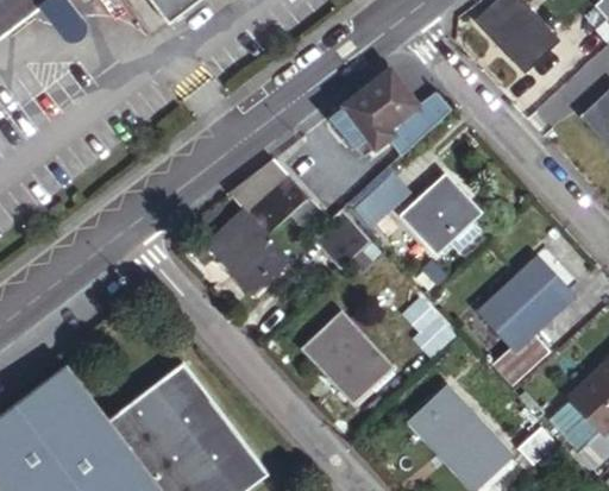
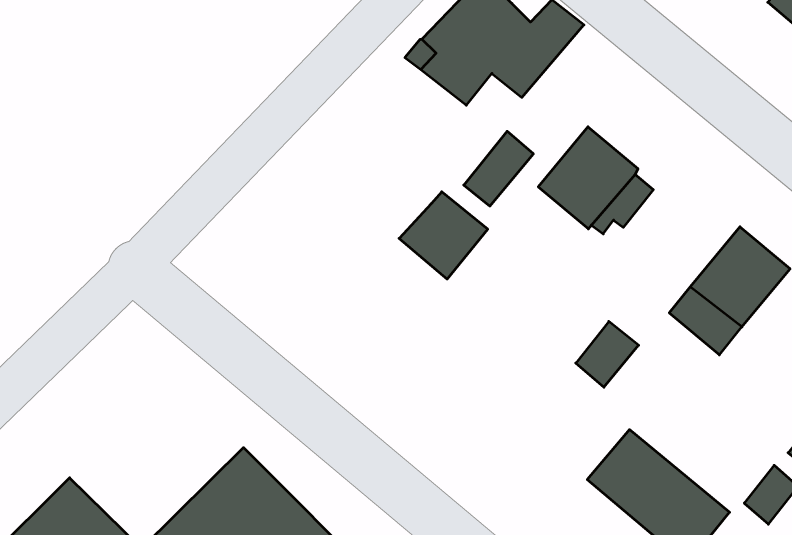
building: [207,166,314,287] -> none
building: [304,314,385,396] -> none
building: [503,329,552,378] -> none

